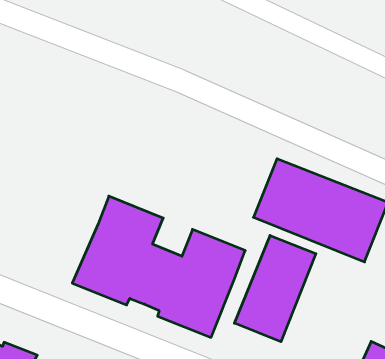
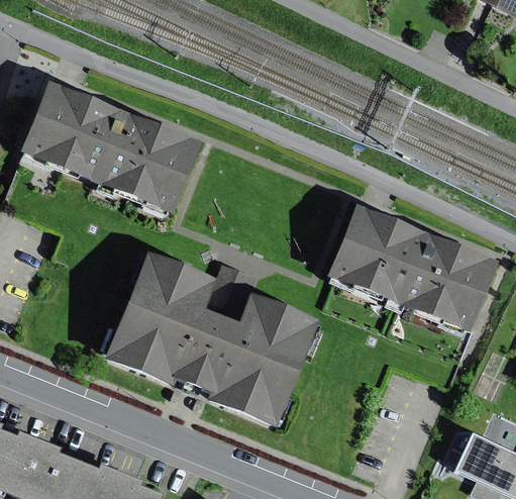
building: none -> [20,80,202,215]
building: [234,235,316,342] -> none

